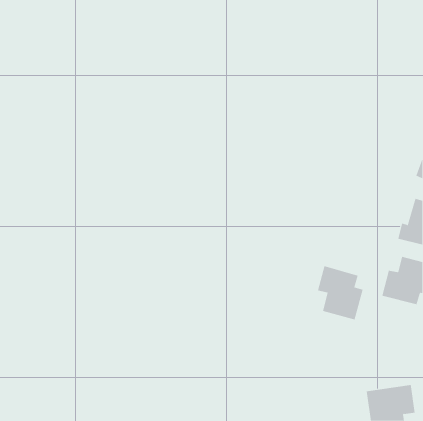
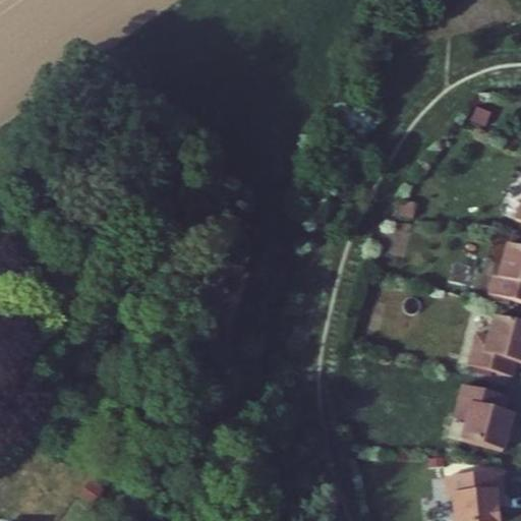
building: [317,266,363,320] -> [456,384,513,451]

